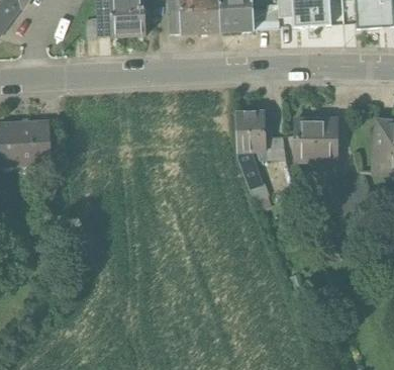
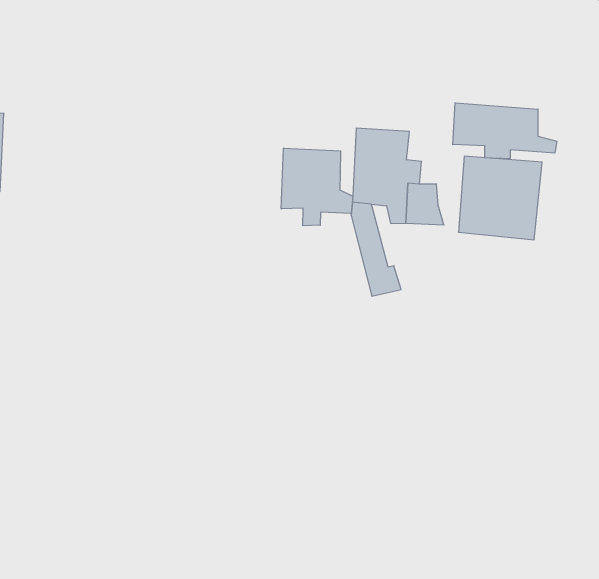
building: none -> [453,103,557,159]
building: none -> [281,148,353,226]

